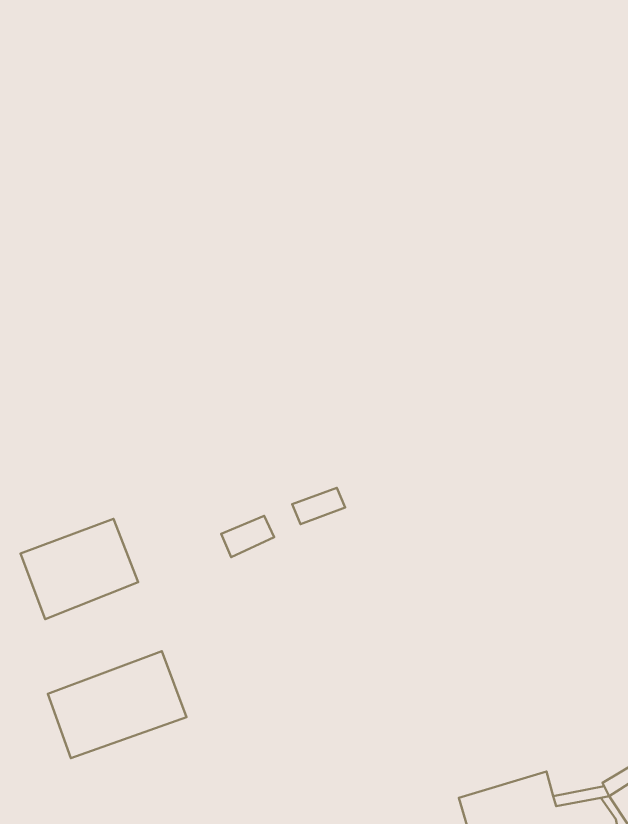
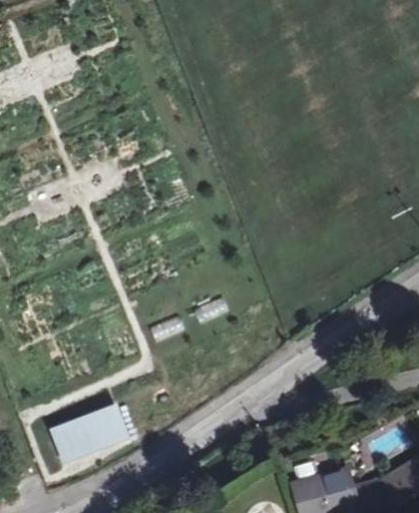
building: [20,519,138,619] -> none

